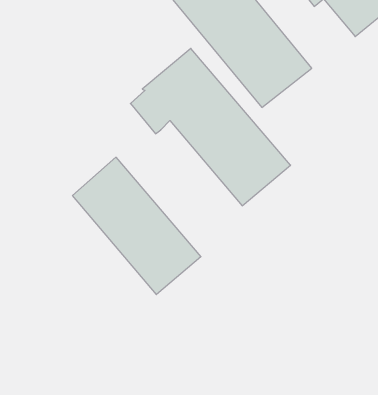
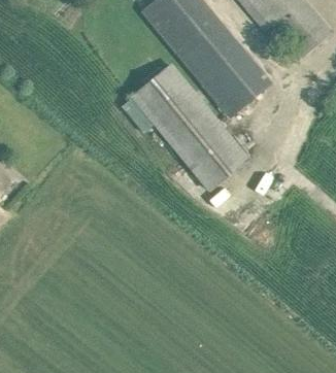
building: [73,157,201,295] -> none

